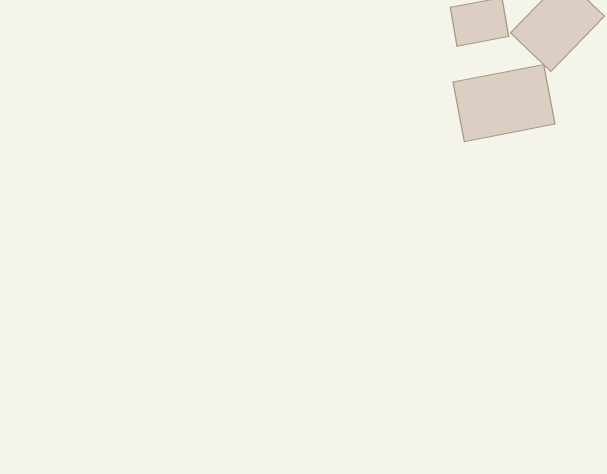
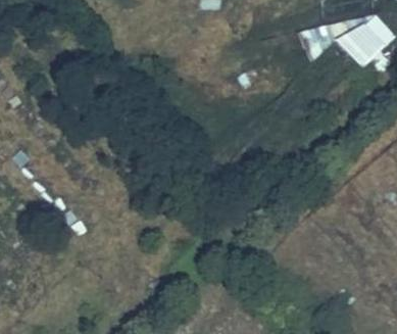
building: [453,64,555,142] -> none

